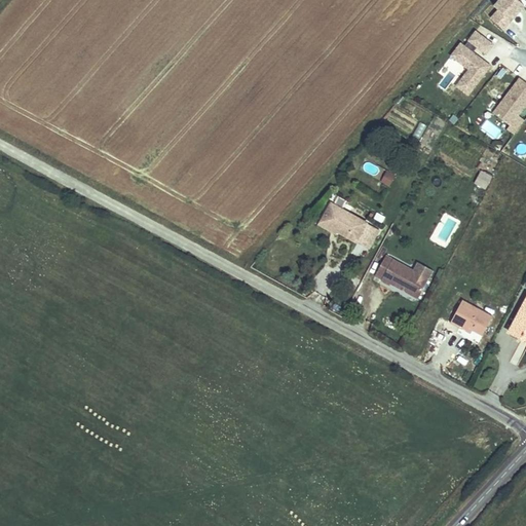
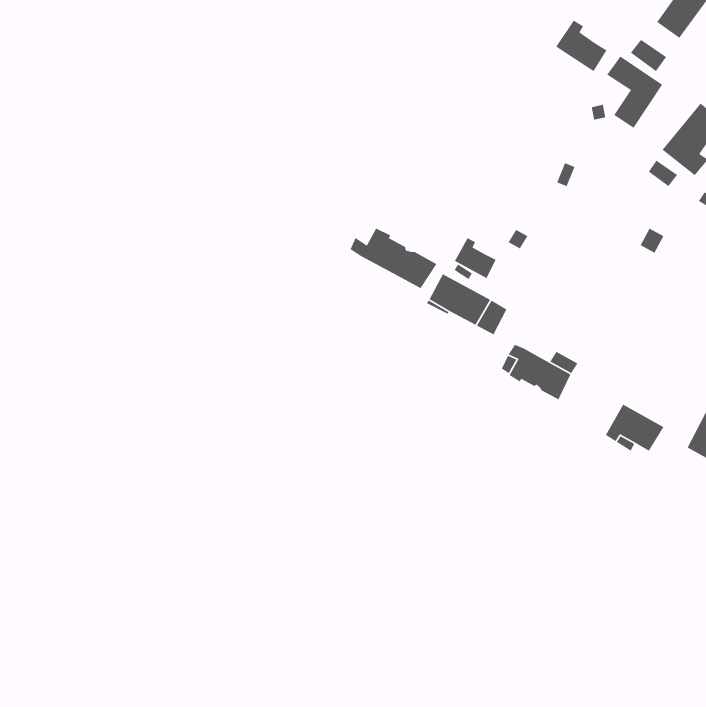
building: none -> [555,19,608,72]
building: none -> [350,228,438,289]
building: none -> [454,237,497,279]

